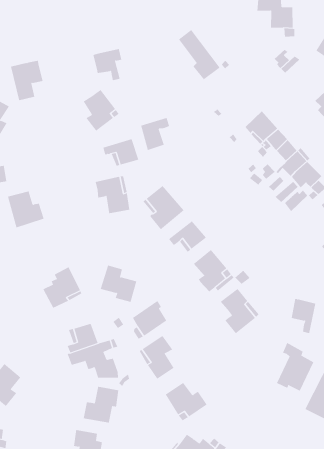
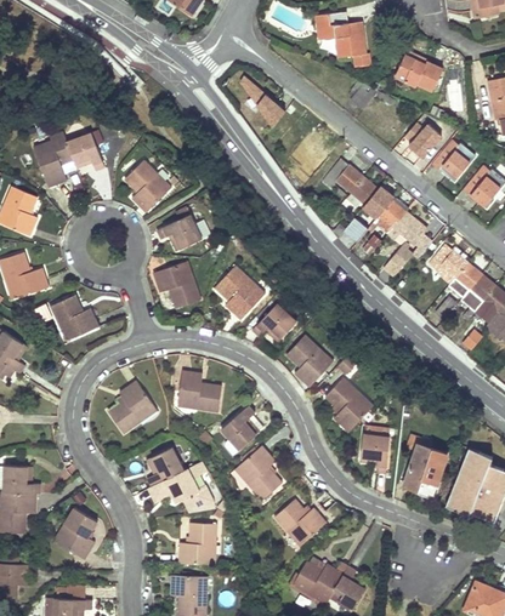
building: [93,49,122,81] -> [67,130,104,170]
building: [140,117,170,151] -> none
building: [291,299,316,334] -> [362,434,390,474]

